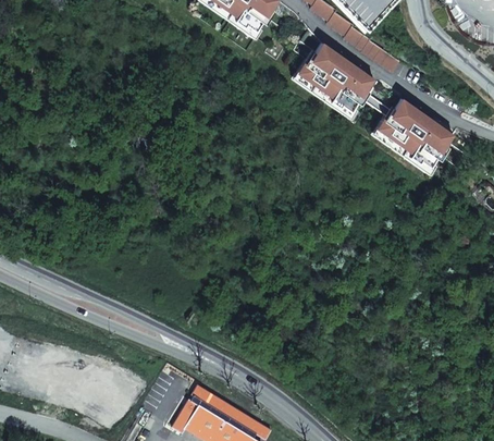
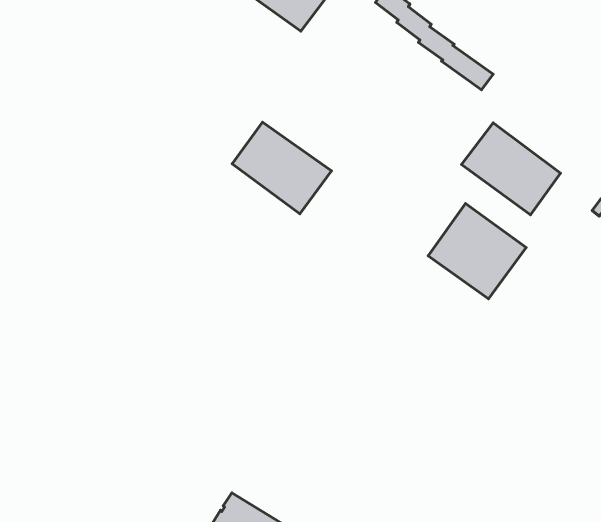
building: [297,45,372,114] -> [232,122,331,214]
building: none -> [428,203,526,299]

